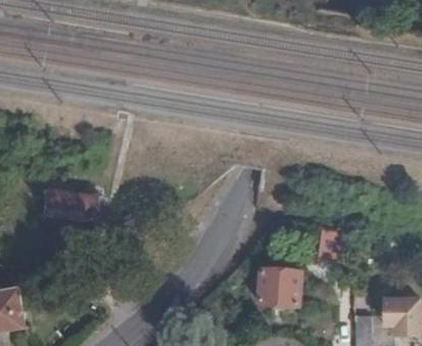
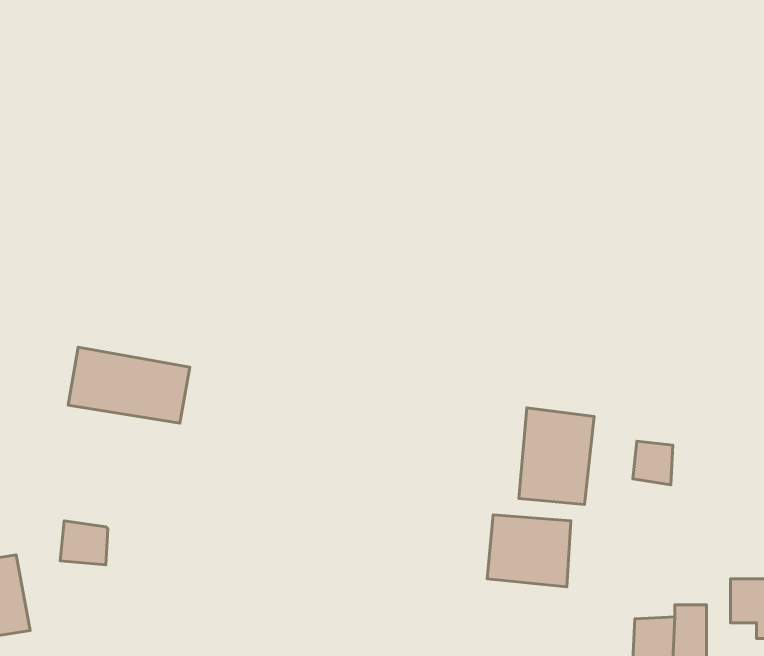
building: none -> [519,408,594,505]

